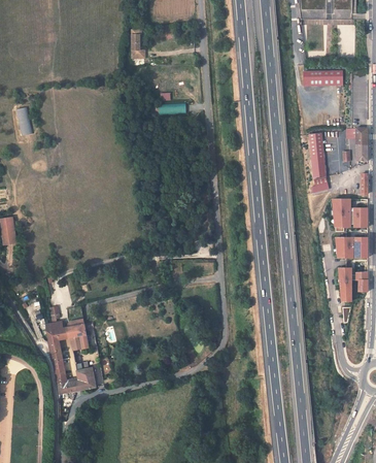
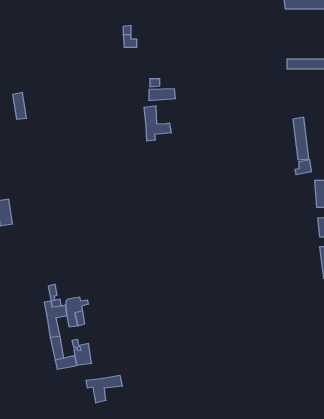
building: none -> [144,106,171,141]
building: none -> [86,375,122,403]

